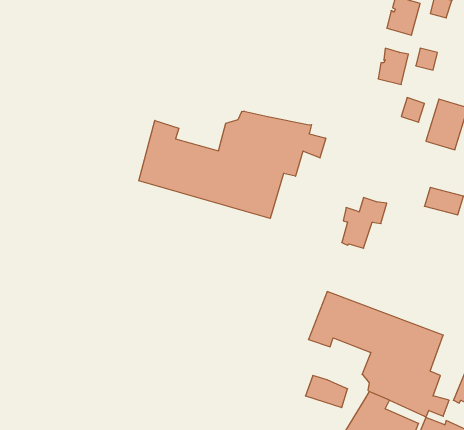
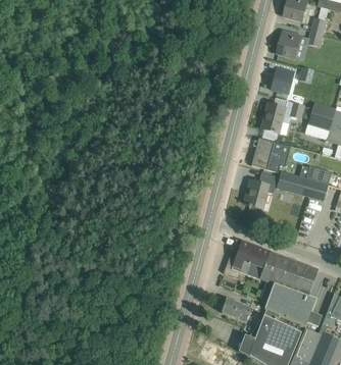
building: none -> [261,103,290,135]
building: [139,111,326,218] -> none
building: none -> [252,137,287,169]
building: none -> [277,172,329,200]

